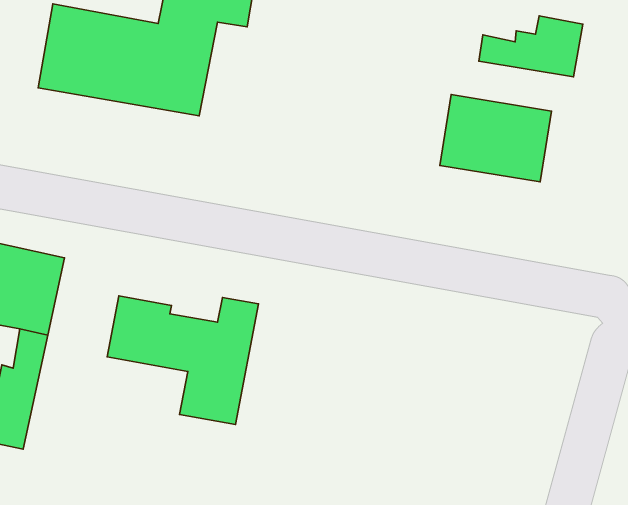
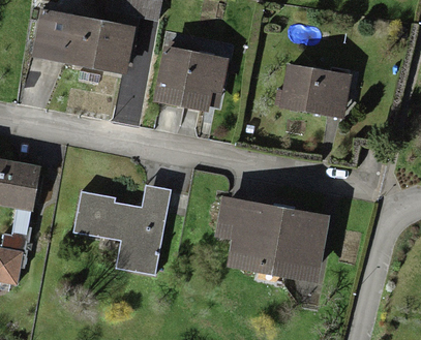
building: [479,16,583,77] -> none
building: none -> [153,44,233,113]
building: none -> [217,195,329,274]

